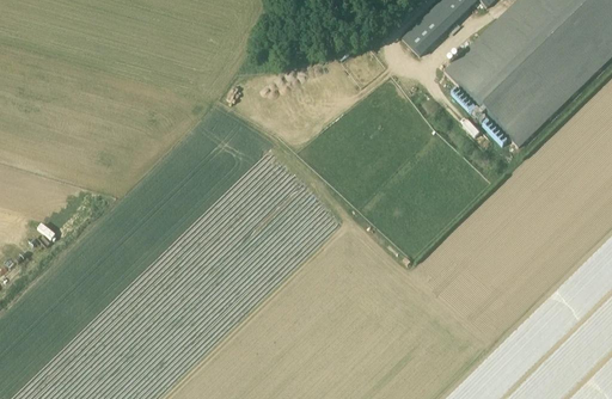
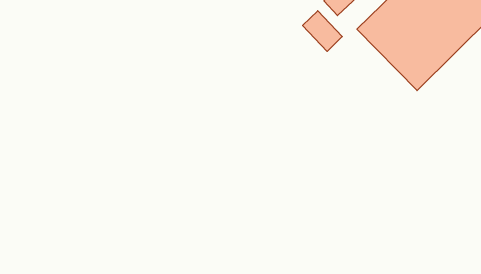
building: none -> [303,11,342,51]

